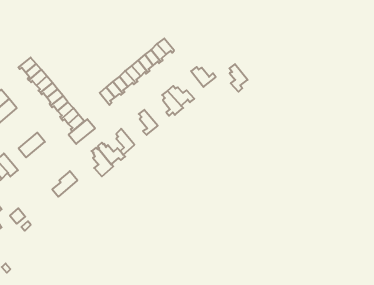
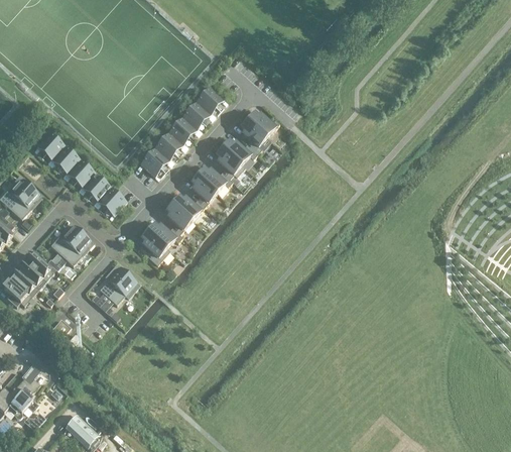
building: [229,64,248,92] -> [240,121,264,154]
building: none -> [195,168,230,194]
building: [69,119,95,144] -> [59,233,91,265]
building: none -> [170,198,203,221]
building: none -> [106,274,137,305]

